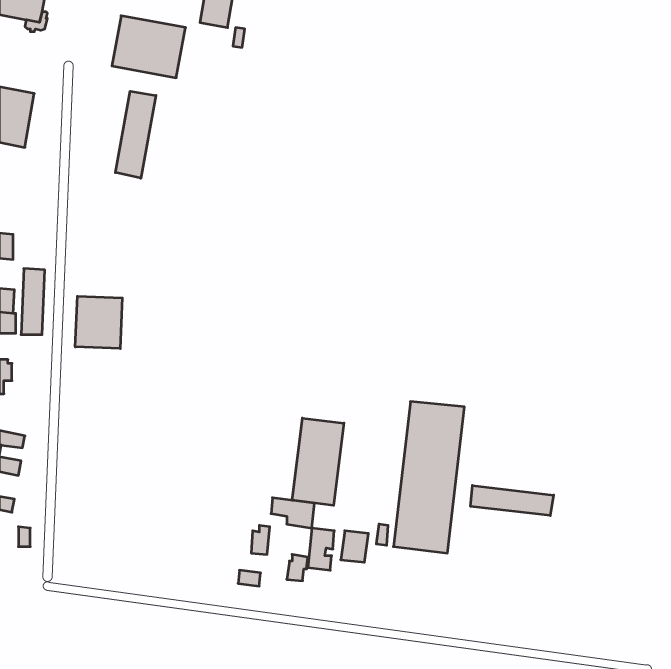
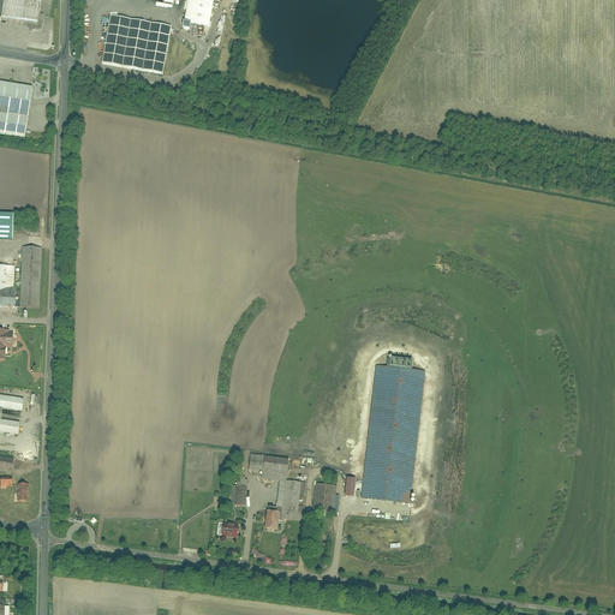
building: [115,91,156,178] -> none
building: [75,296,122,349] -> none
building: [292,418,344,505] -> none
building: [471,485,554,516] -> none

